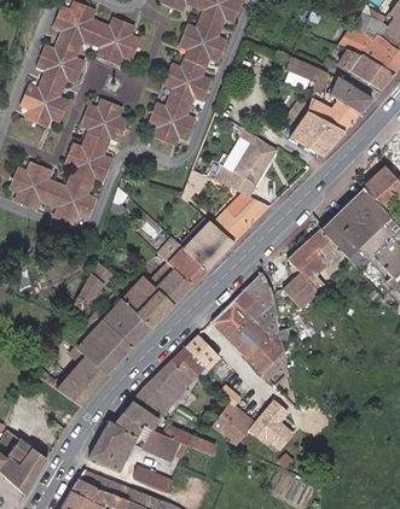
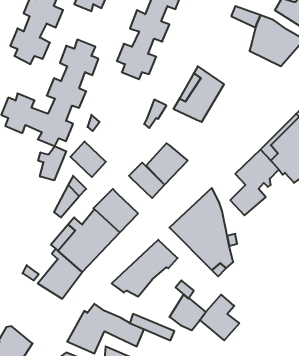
building: [284,96,344,154] -> none
building: [211,193,269,242] -> none
building: none -> [38,146,66,180]
building: [149,262,191,304] -> [70,141,106,177]
building: [122,387,174,428] -> none

